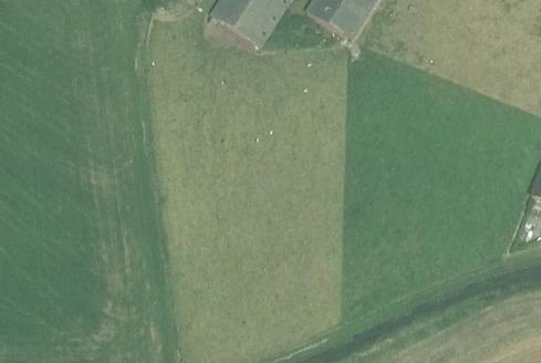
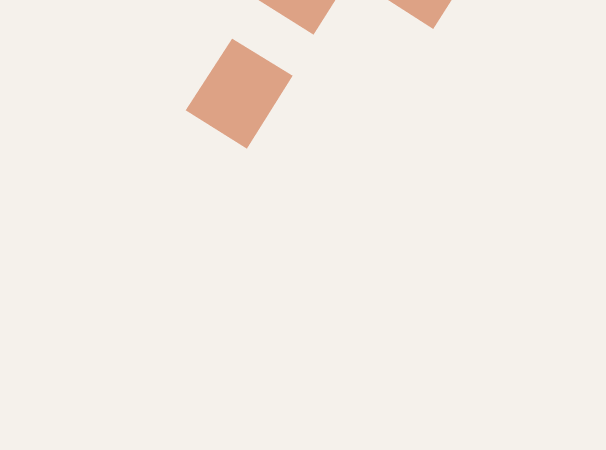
building: none -> [185,37,294,150]

